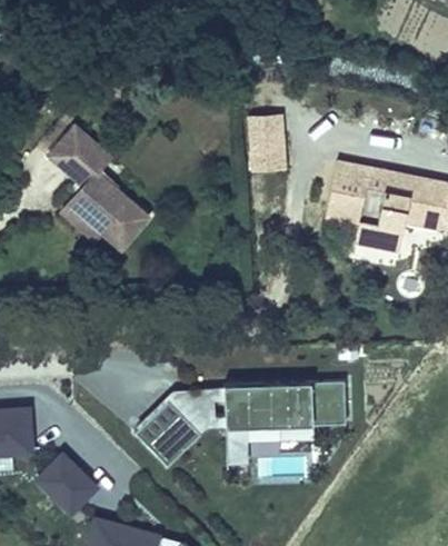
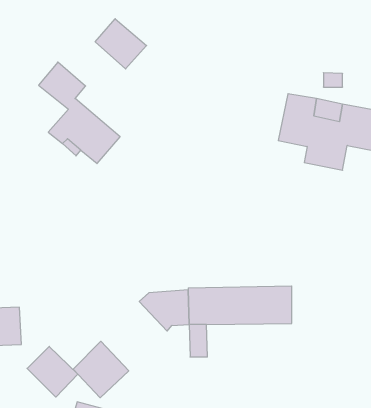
building: none -> [95,19,147,69]
building: [248,113,289,169] -> none
building: [135,403,199,468] -> [73,341,129,398]

